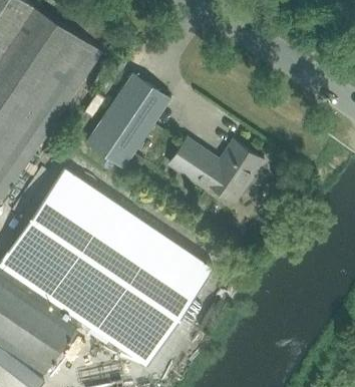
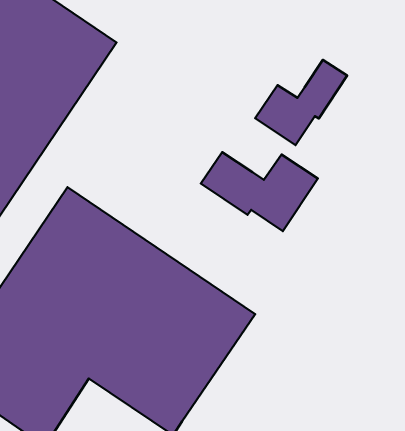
building: none -> [255,60,347,145]
building: [86,73,170,168] -> none

